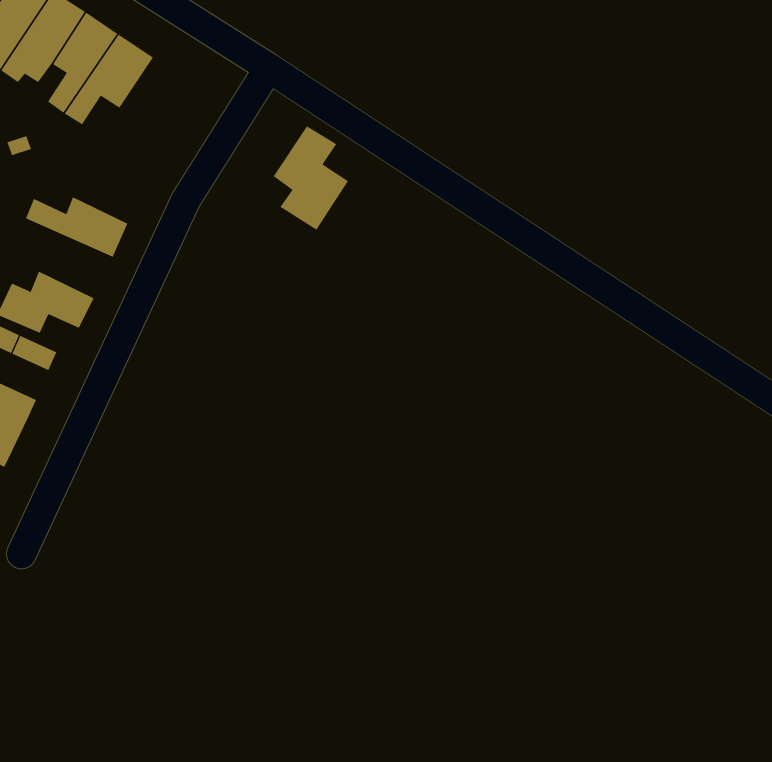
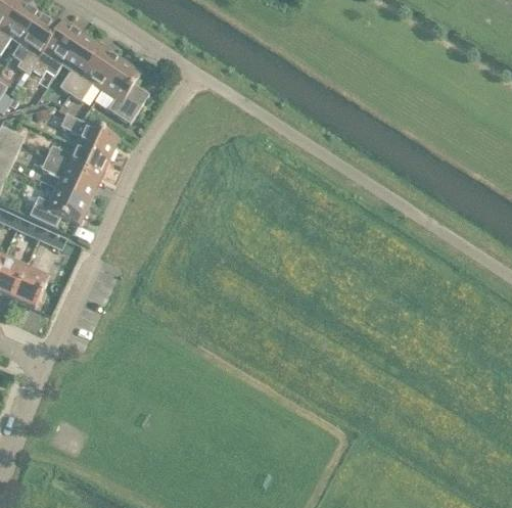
building: [273,125,349,230] -> [102,59,148,123]
building: none -> [59,112,118,159]
building: none -> [40,156,98,204]

